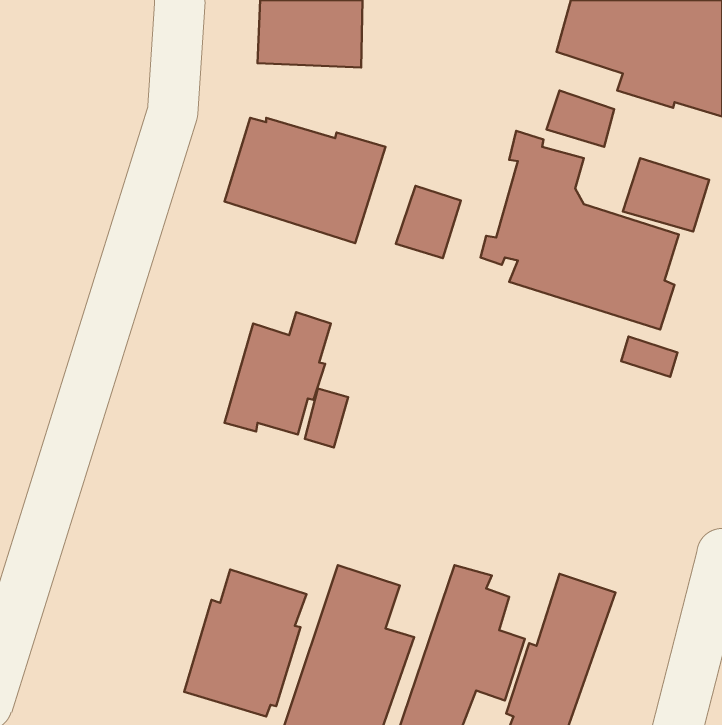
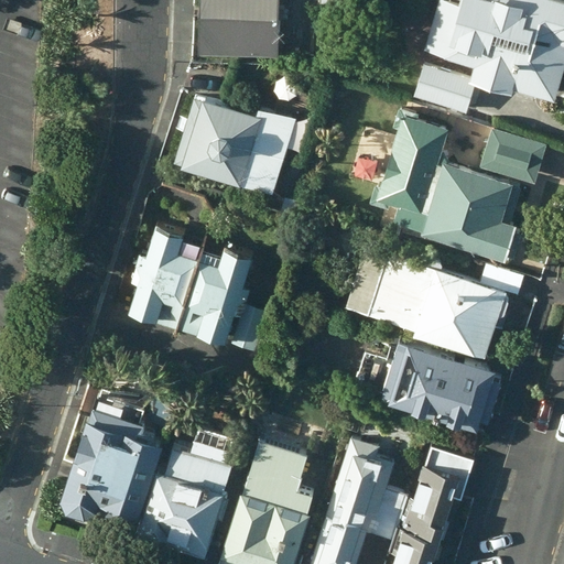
building: [396,186,461,258] -> none
building: none -> [130,223,194,332]
building: none -> [340,250,503,358]
building: none -> [383,343,505,427]
building: none -> [63,404,166,518]

